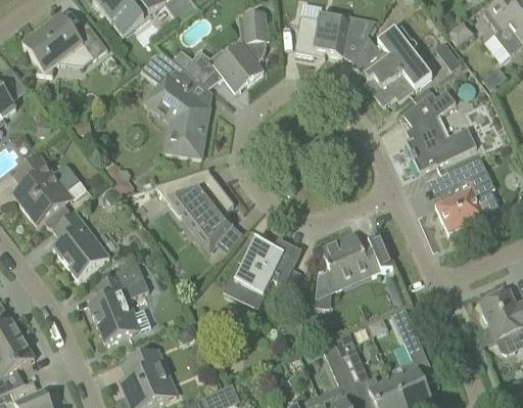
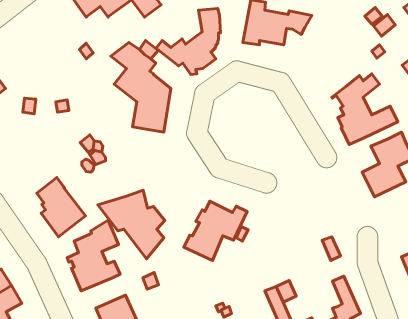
building: [22,14,106,74] -> none
building: [350,26,431,105] -> none
building: [13,154,78,224] -> none
building: [155,167,234,247] -> [98,190,165,259]
building: [315,233,394,298] -> none

